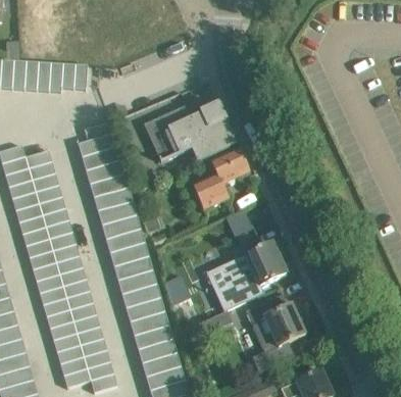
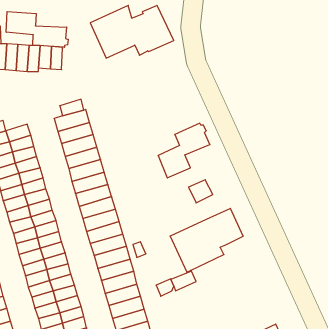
building: none -> [6,12,68,47]
building: [145,104,237,162] -> [90,5,174,58]
building: [247,293,306,352] -> none

